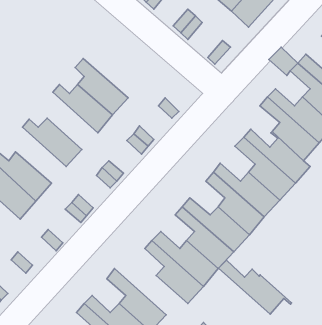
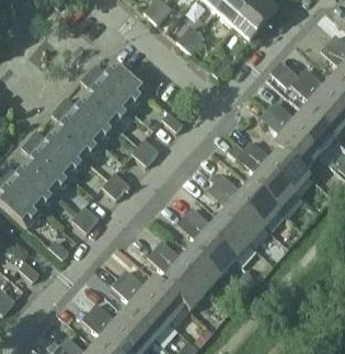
building: none -> [89,62,148,111]
building: none -> [51,105,103,161]
building: none -> [21,139,72,194]
building: [219,260,292,314] -> [119,270,191,322]

